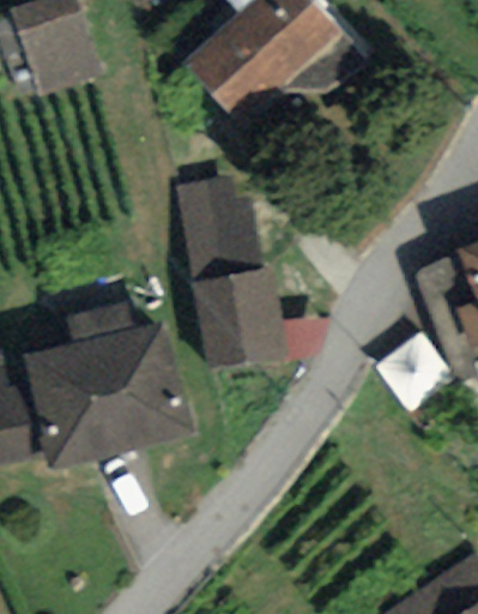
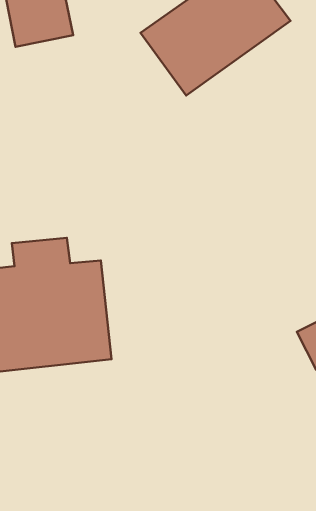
building: [176,179,289,368] -> none

